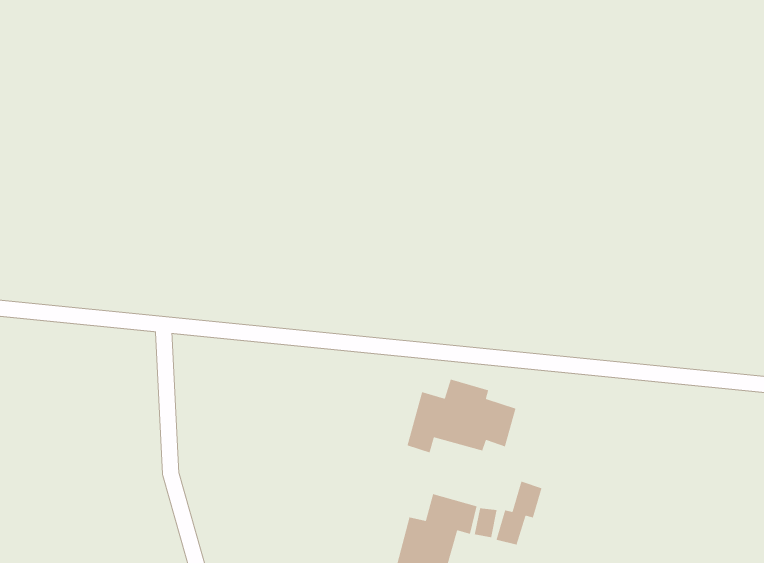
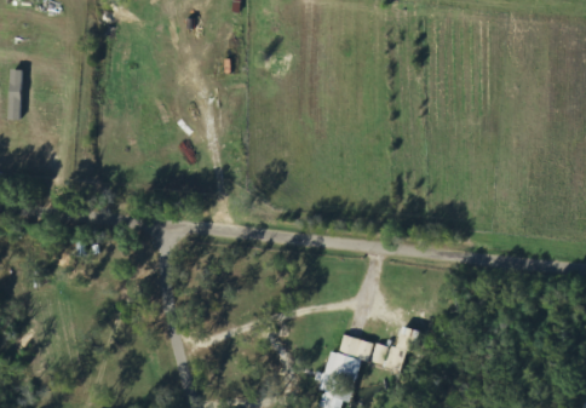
building: [406,379,516,454] -> none

